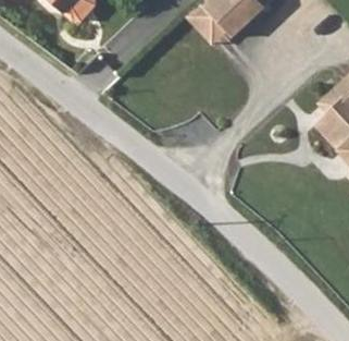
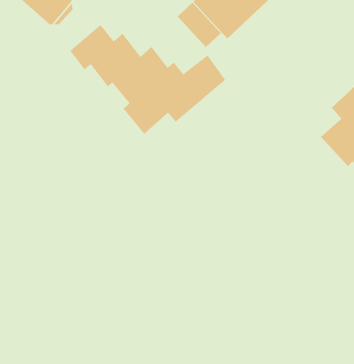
building: none -> [69,24,226,135]

